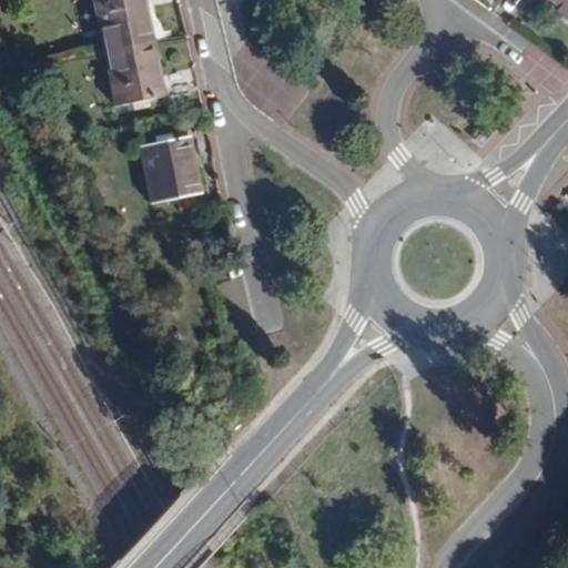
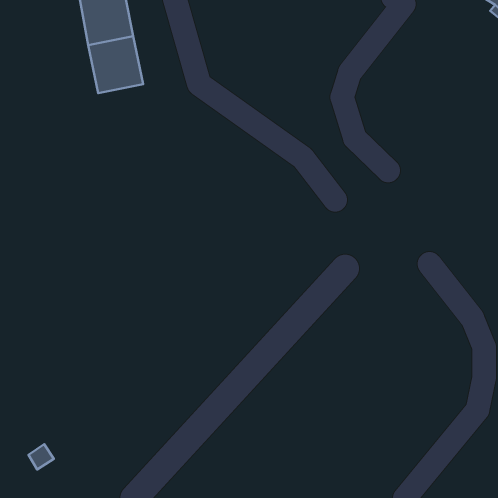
building: [140,135,202,202] -> none

